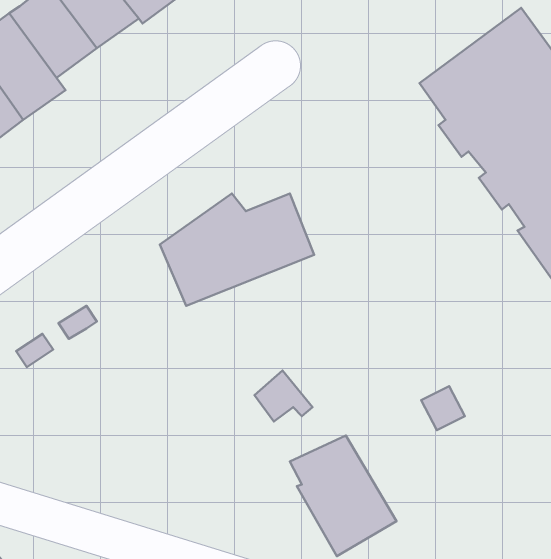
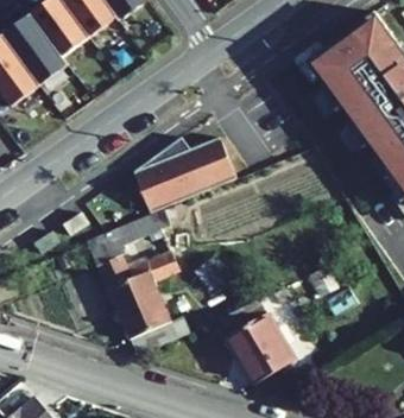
building: none -> [86,211,187,355]

